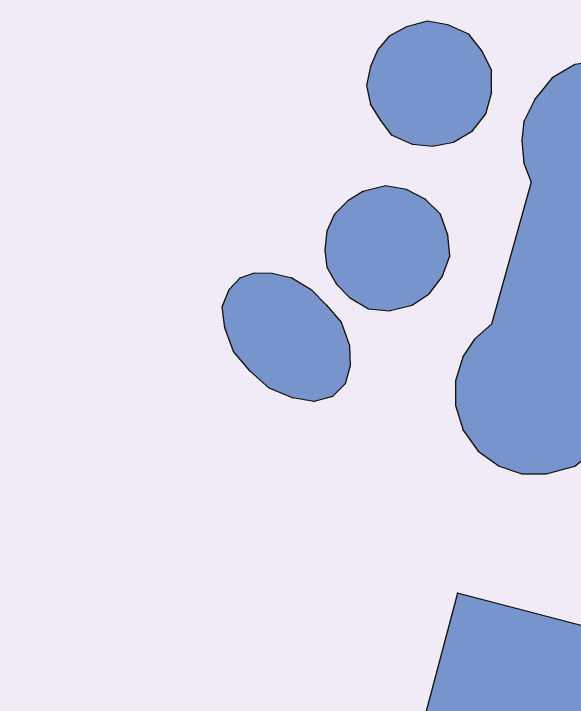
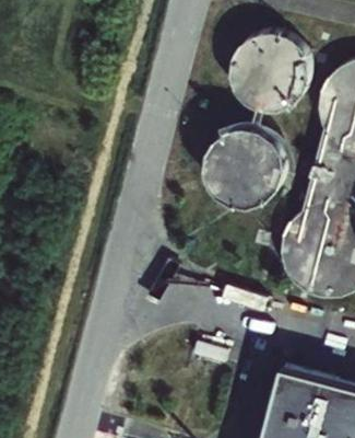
building: [222,273,350,402] -> none

